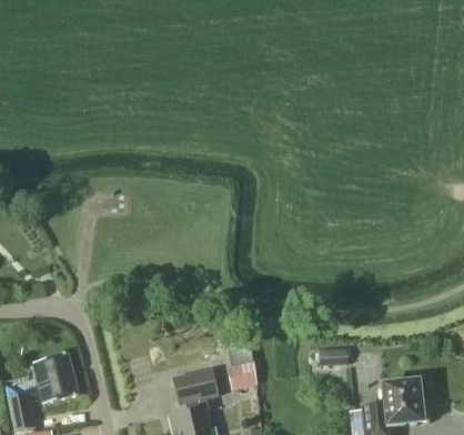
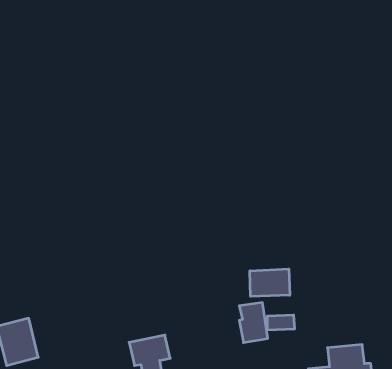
building: none -> [250,269,290,296]
building: [226,347,256,390] -> [239,303,268,343]

